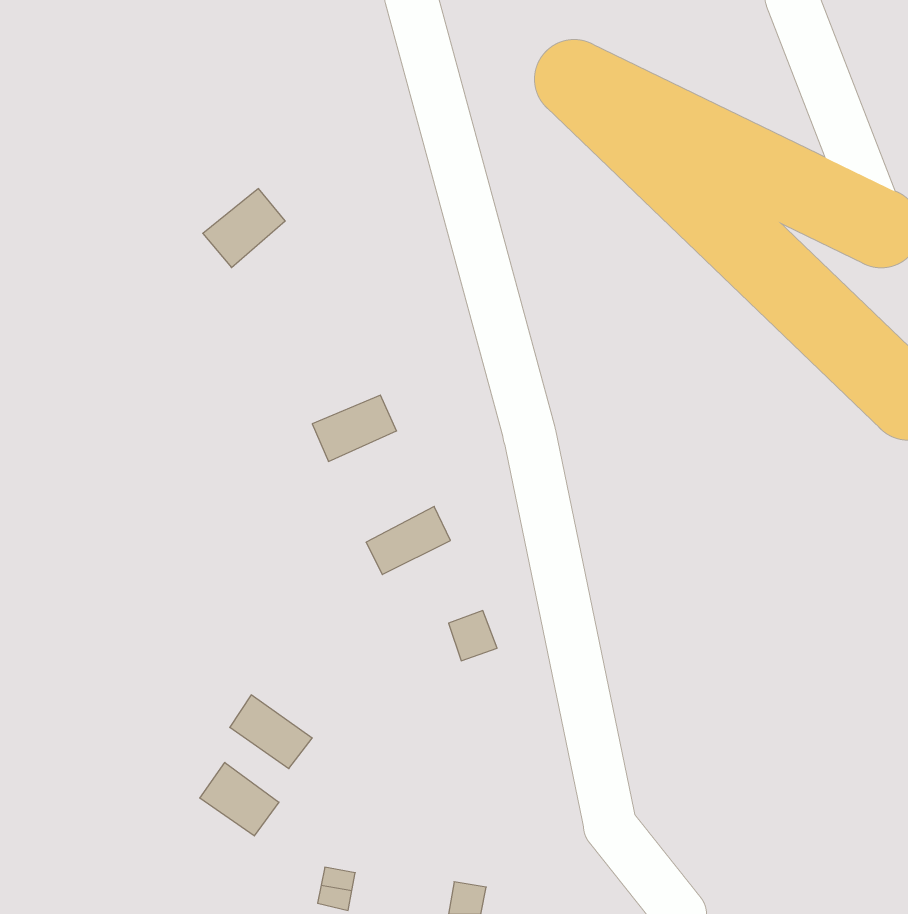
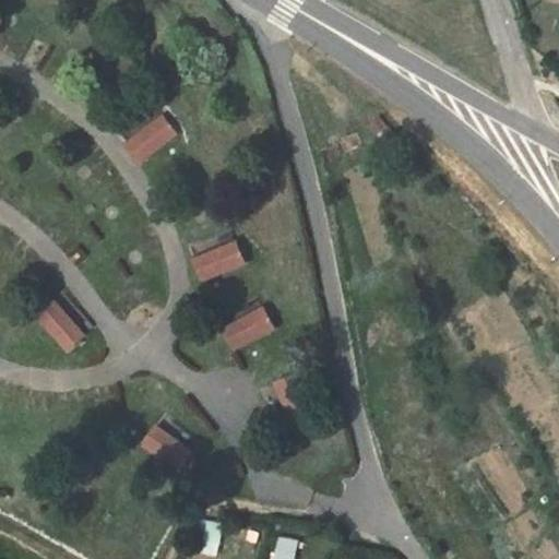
building: none -> [35,299,84,349]
building: [200,762,279,836] -> none

